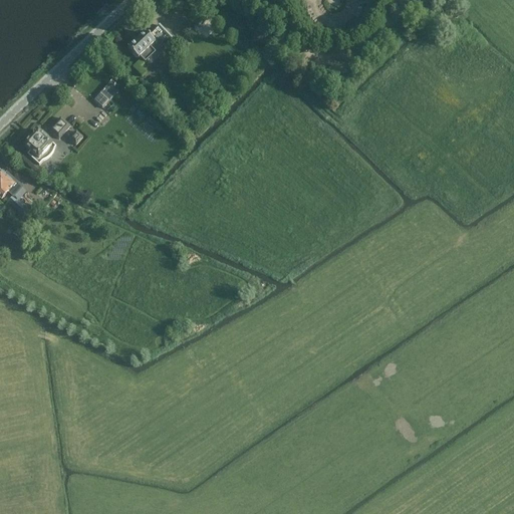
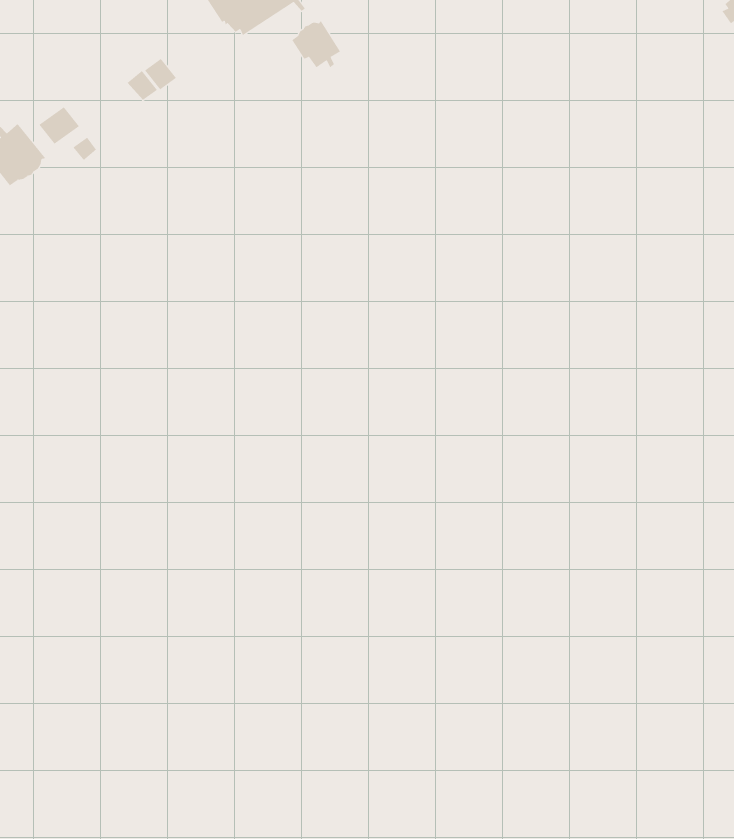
building: none -> [291,20,341,68]

